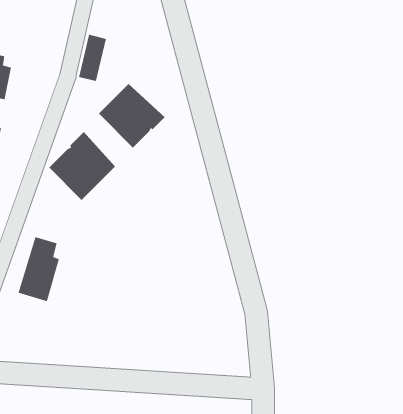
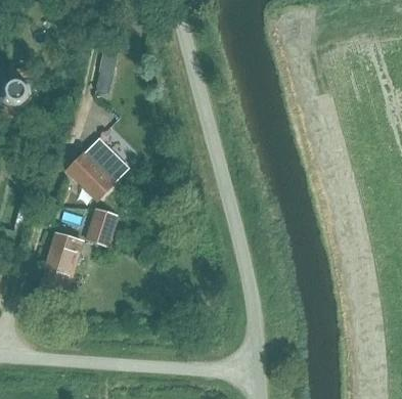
building: [98,83,165,149] -> none
building: none -> [87,208,117,246]

